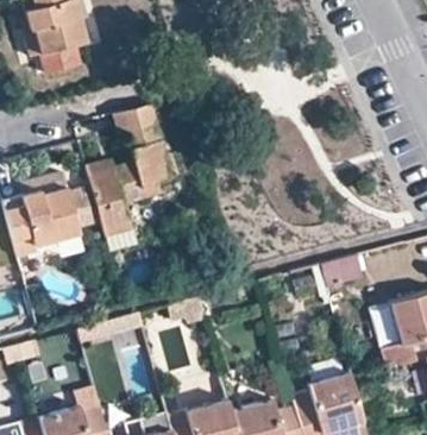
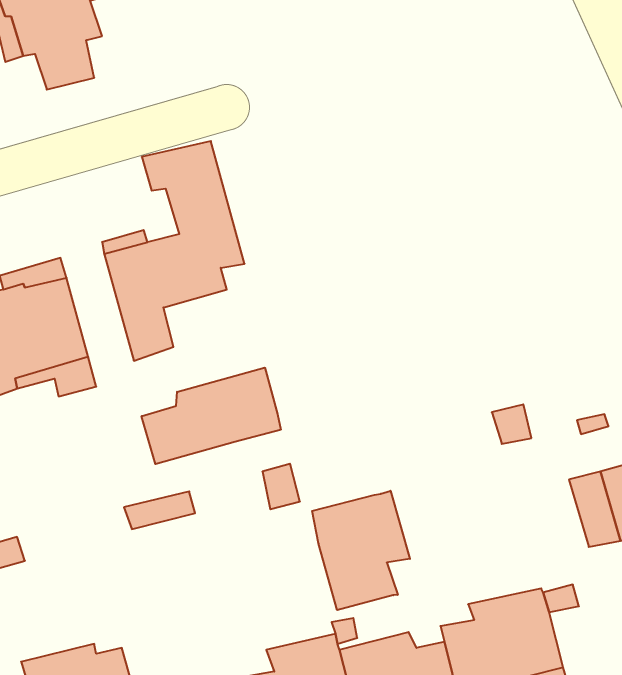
building: none -> [142,368,281,464]
building: none -> [312,491,410,610]

